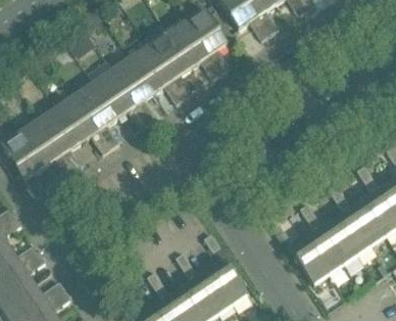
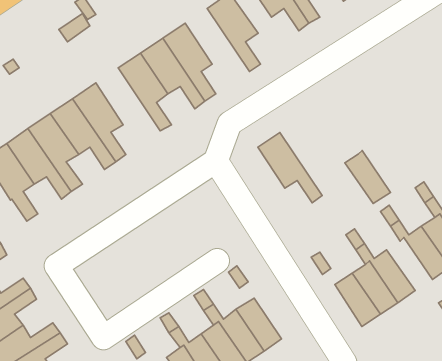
building: [166,20,219,79] -> [258,132,322,203]
building: [93,70,146,128] -> none
building: [333,210,370,254] -> [345,150,390,204]

